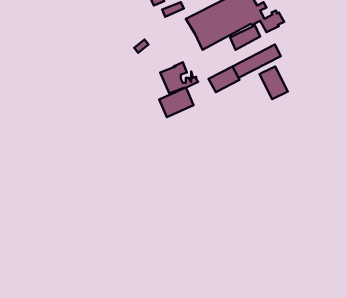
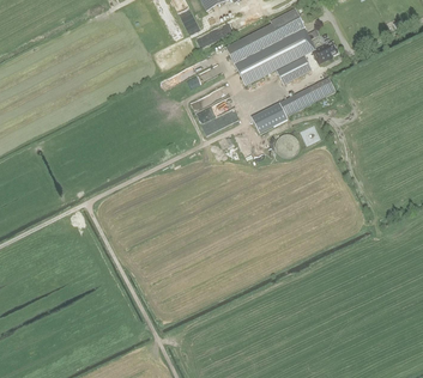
building: [259,66,288,99] -> none
building: [159,88,194,117] -> none

